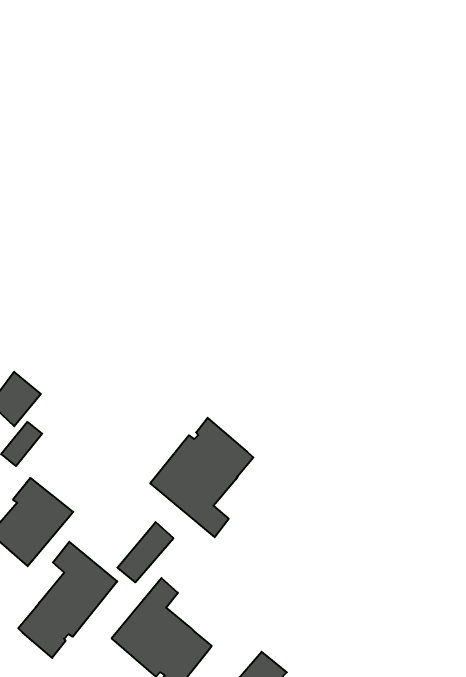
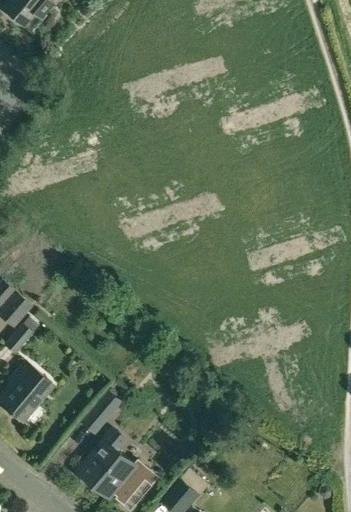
building: [150,418,253,537] -> none
building: [18,542,117,658] -> none

